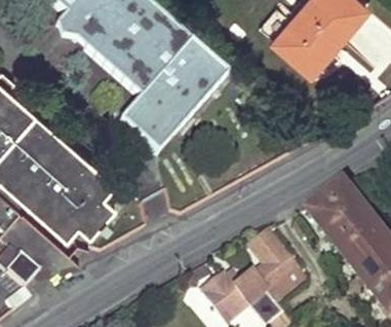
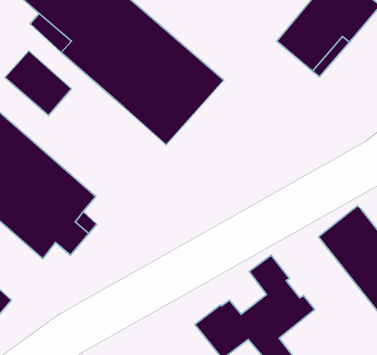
building: [117,98,177,155] -> [5,51,72,115]

